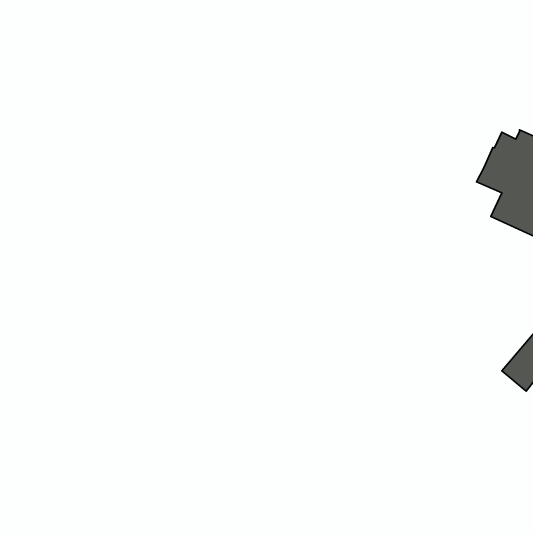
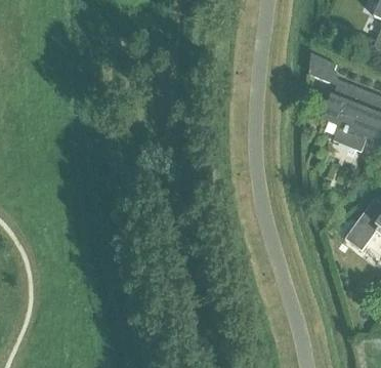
building: none -> [308,52,337,83]

